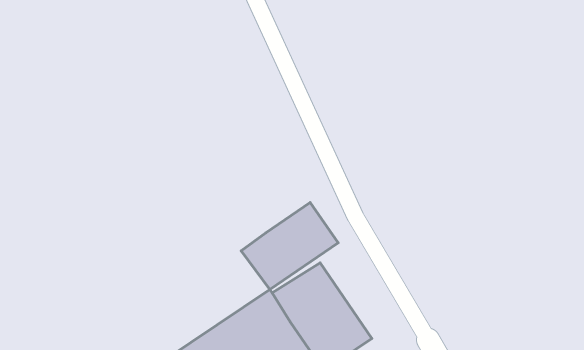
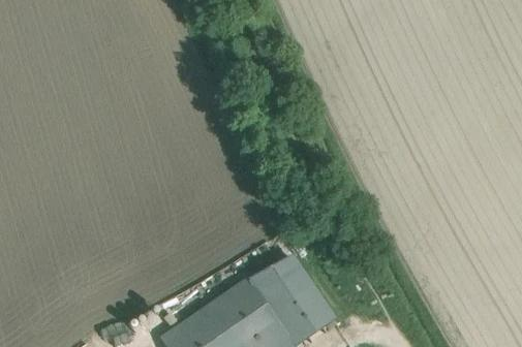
building: [241,202,338,289] -> none

